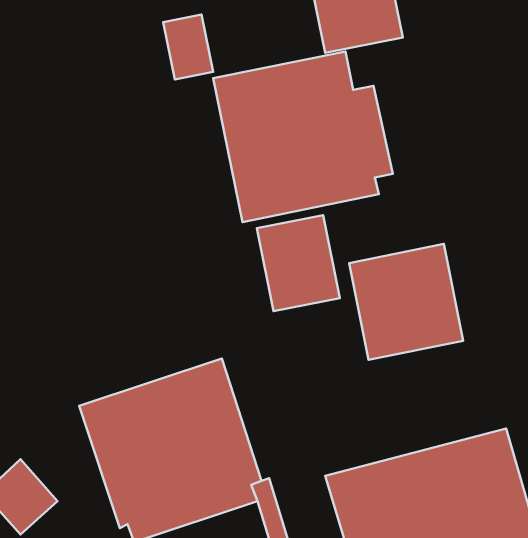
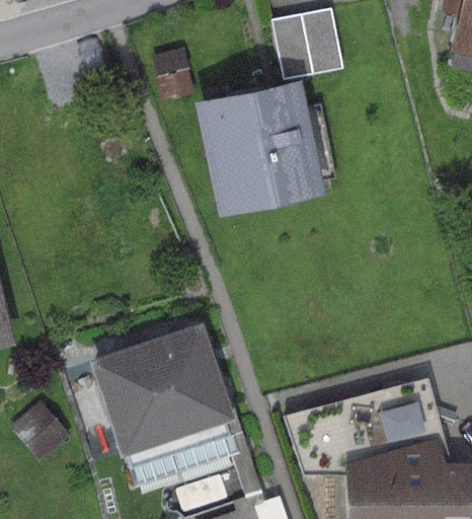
building: [257,215,340,311] -> none
building: [349,244,463,360] -> none

